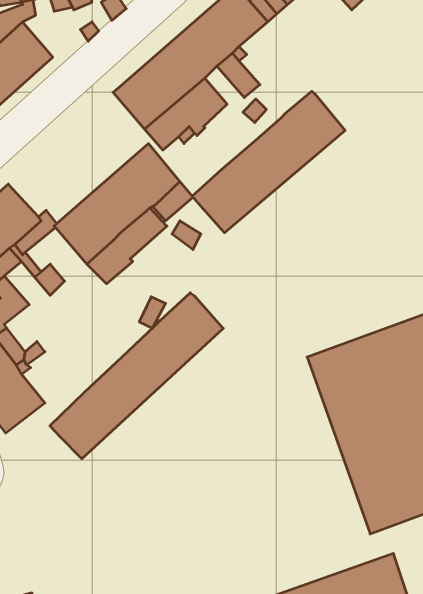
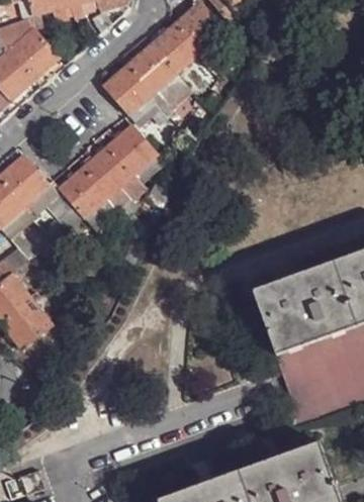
building: [192,91,345,233] -> none
building: [50,293,223,459] -> none

